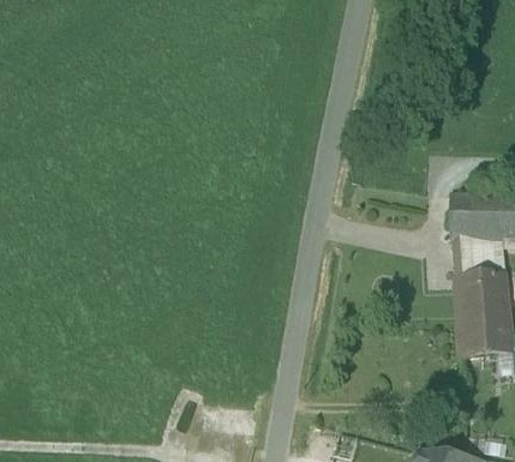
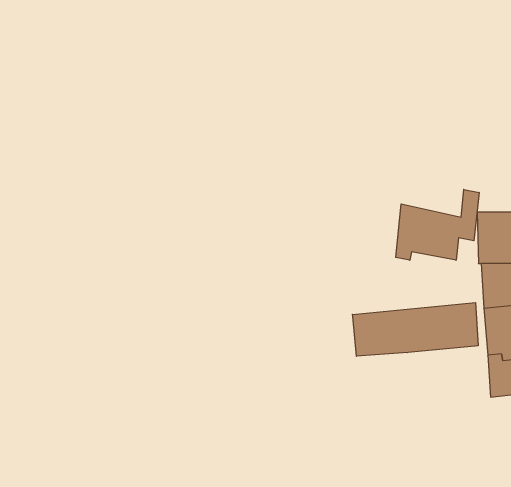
building: none -> [396,189,479,260]
building: none -> [352,303,478,356]

